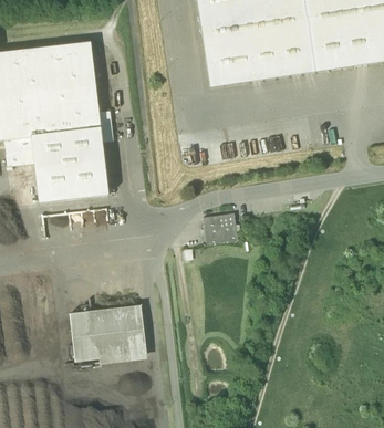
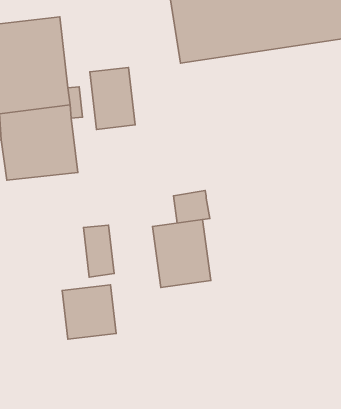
building: none -> [90,67,135,129]
building: none -> [152,220,211,287]
building: [69,310,98,361] -> [84,225,114,277]

